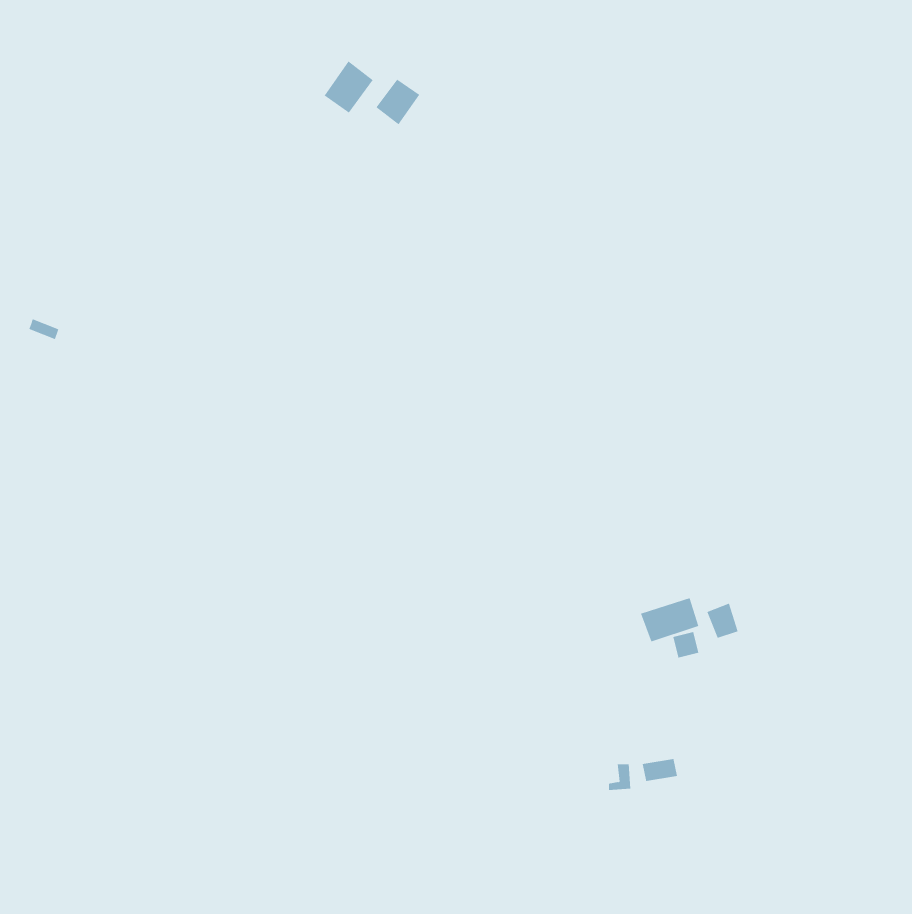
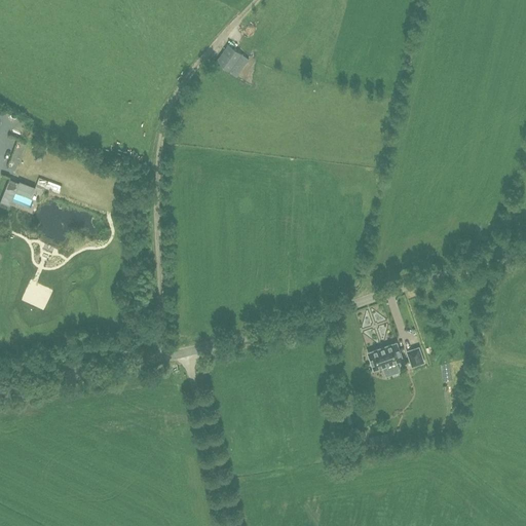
building: [324,61,373,113] -> none

